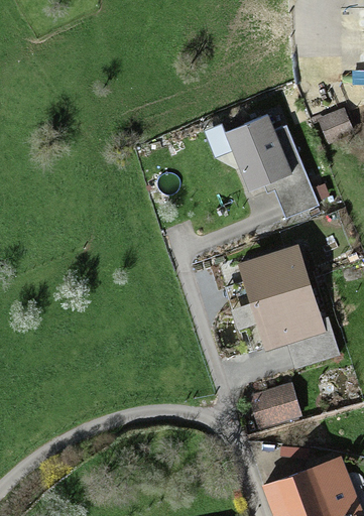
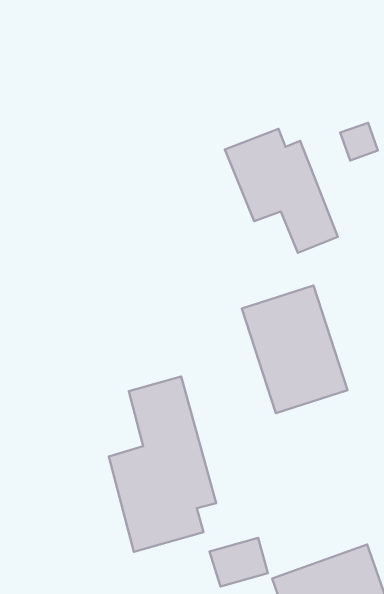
building: none -> [109,377,216,552]
building: [251,384,299,424] -> [210,538,268,587]

